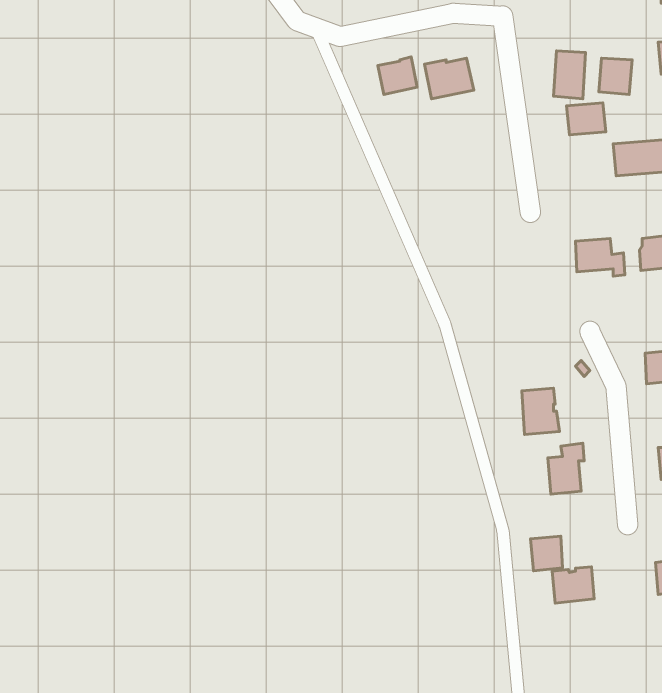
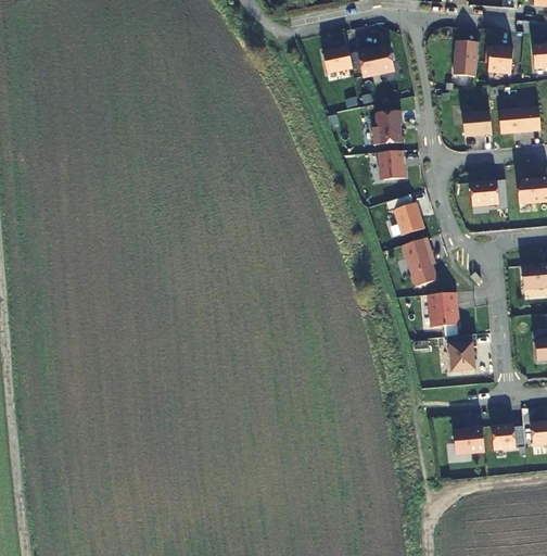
building: [567,103,606,135] -> [462,113,492,137]
building: none -> [372,111,403,146]
building: none -> [379,151,405,180]
building: none -> [393,203,423,236]
building: none -> [402,238,436,288]
building: [530,536,562,571] -> [491,424,514,450]

